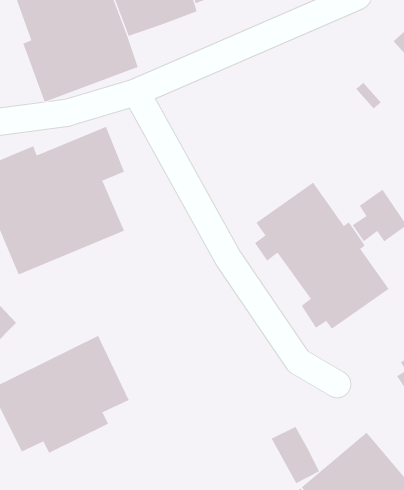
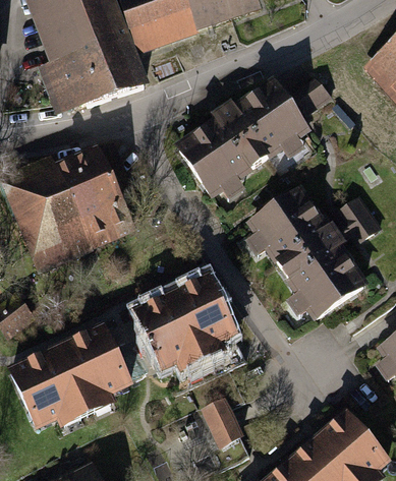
building: none -> [171,74,330,197]
building: none -> [131,279,237,375]
building: [271,426,320,484] -> [203,392,246,443]

